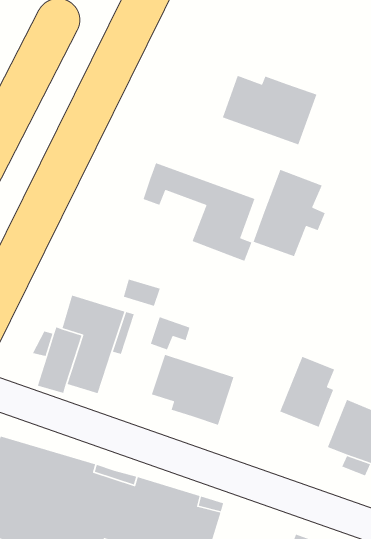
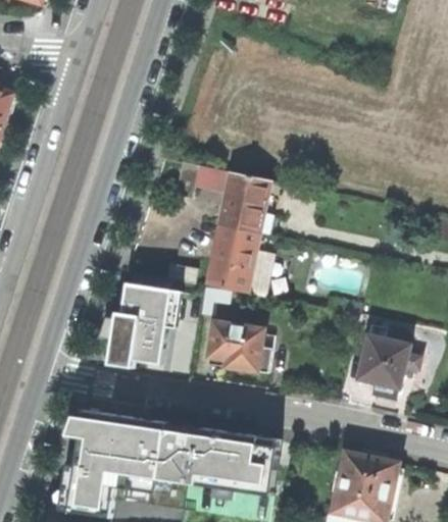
building: [222,75,317,146] -> none
building: [253,169,326,257] -> [206,224,263,296]
building: [279,356,335,428] -> none

